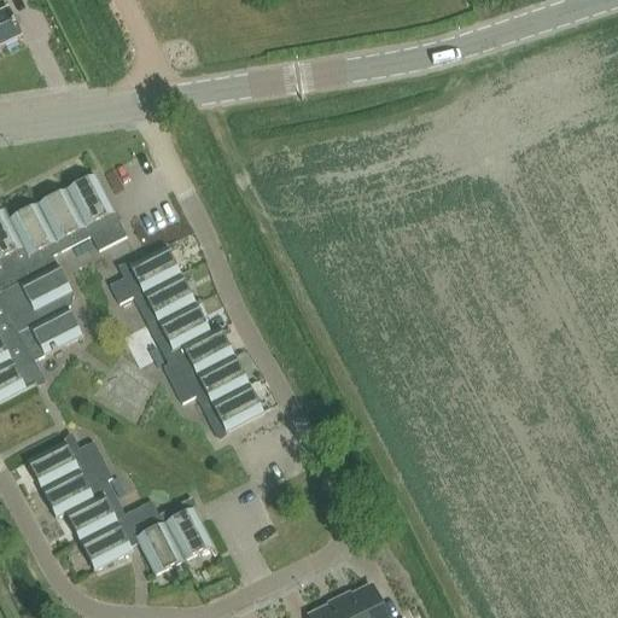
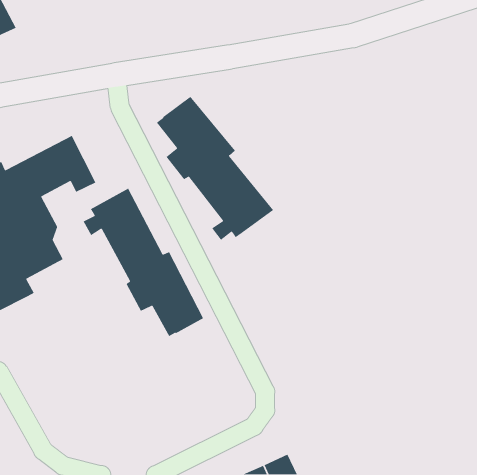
building: none -> [156,96,274,241]
building: [24,435,212,576] -> none

